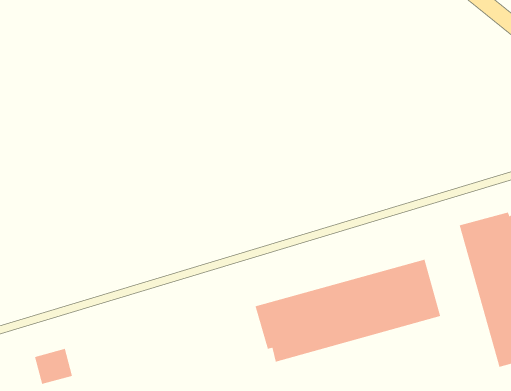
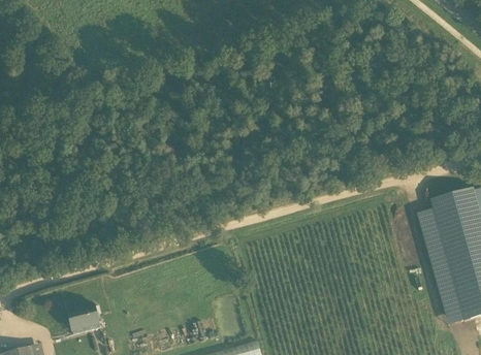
building: [255,259,441,363] -> none

